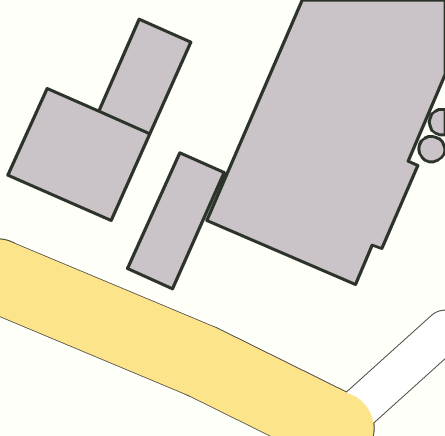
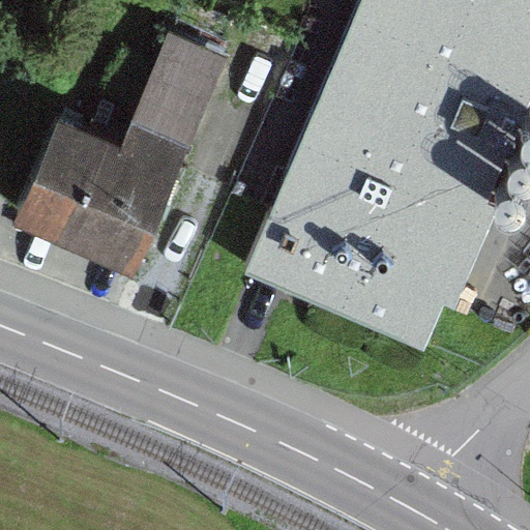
building: [127,153,224,289] -> none

